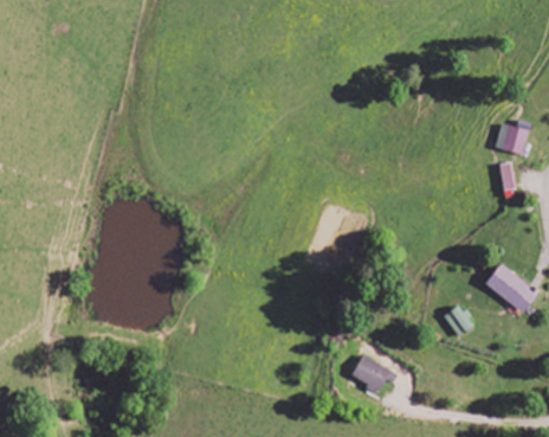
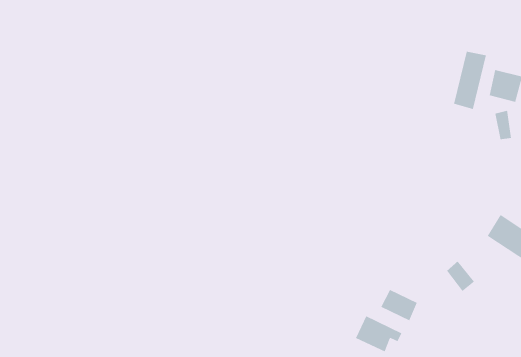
building: none -> [453,51,486,110]
building: none -> [381,289,418,321]

